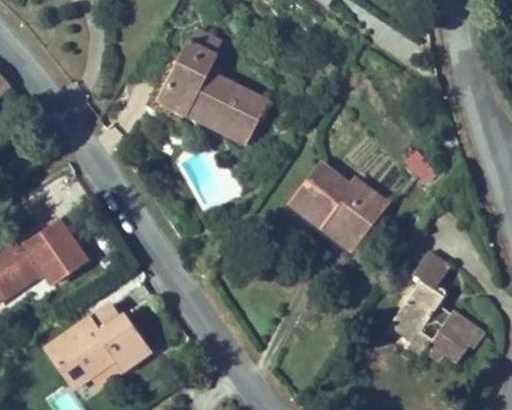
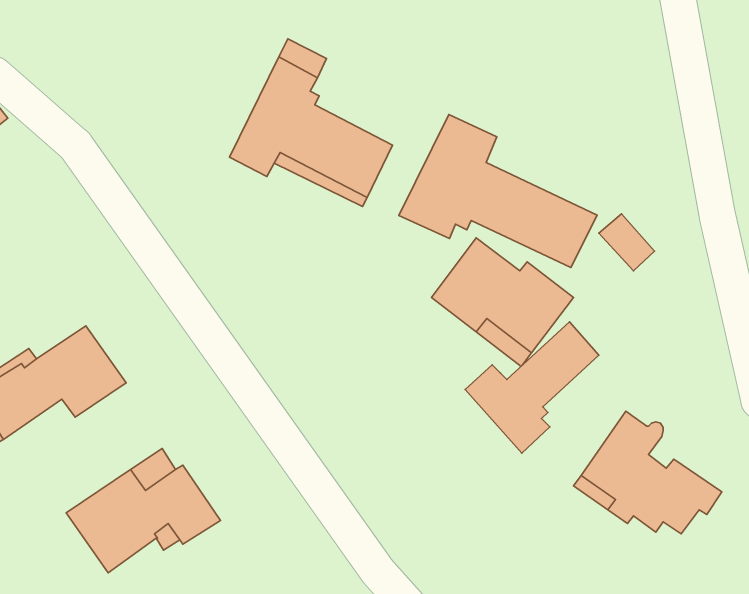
building: none -> [399,114,597,268]
building: none -> [465,322,599,453]
building: [413,250,451,289] -> none

